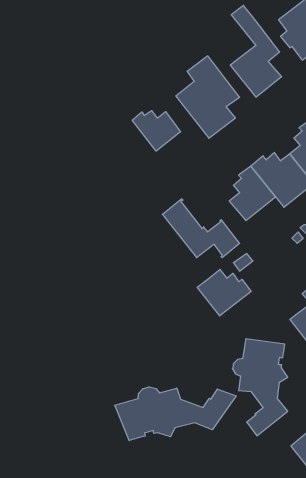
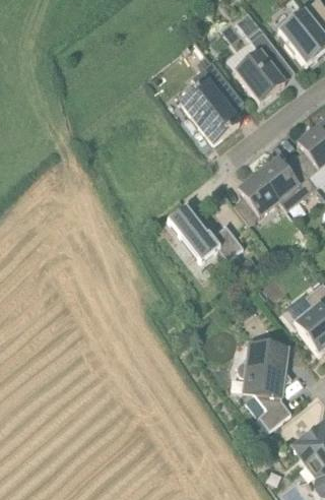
building: [132,111,181,151] -> none
building: [197,269,251,316] -> none
building: [115,387,236,441] -> none

